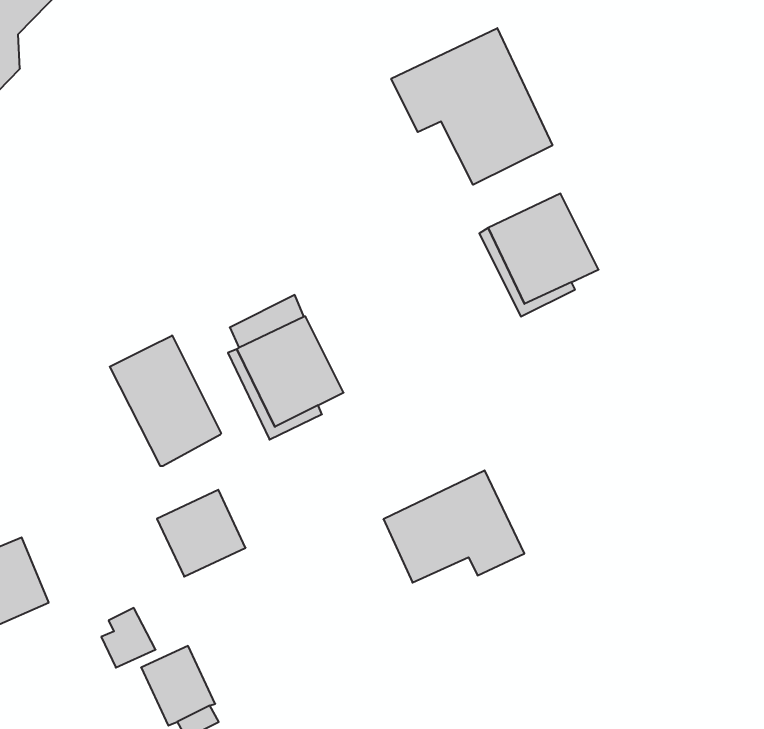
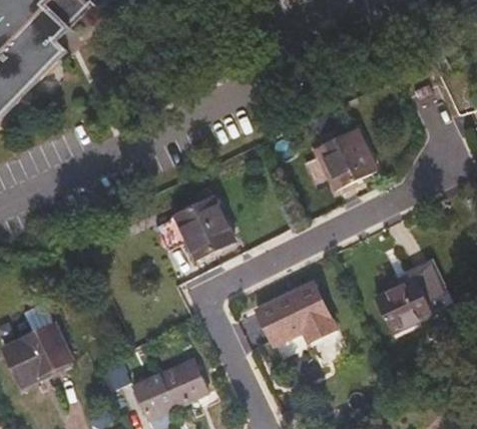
building: [391,28,552,185] -> none
building: [110,335,221,466] -> none
building: none -> [375,263,444,334]
building: [157,490,246,577] -> [148,364,197,412]

